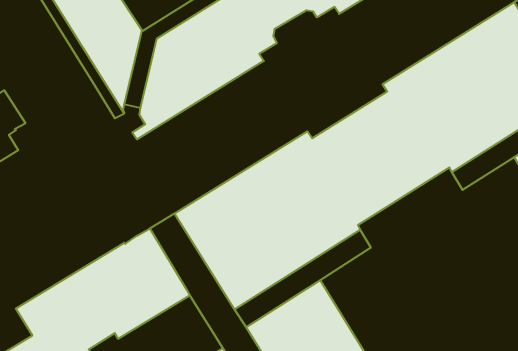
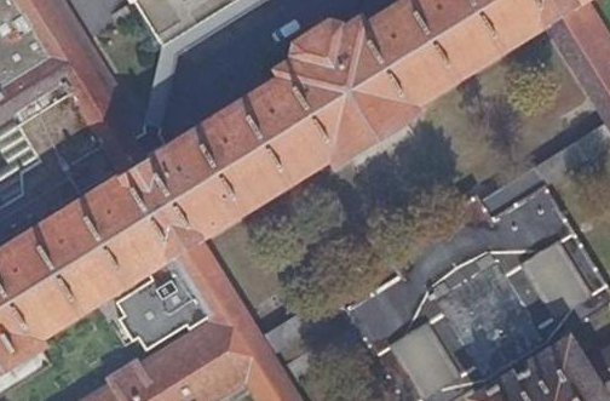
building: none -> [115,253,208,349]

